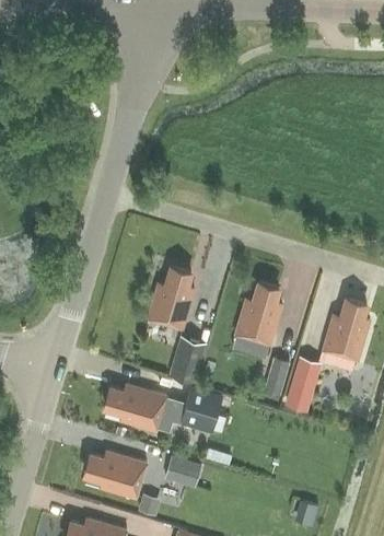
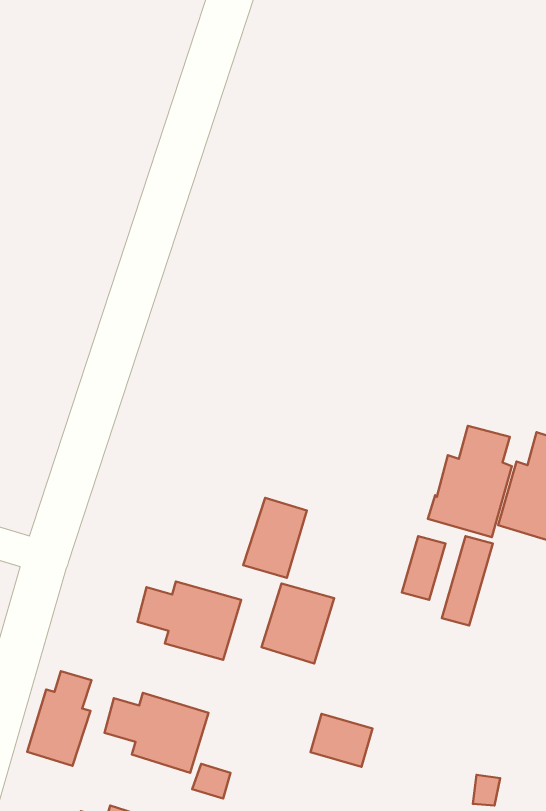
building: [146,265,196,331] -> none
building: [233,280,283,347] -> [428,426,512,537]
building: none -> [27,671,91,766]
building: [164,456,201,488] -> [311,714,373,767]

